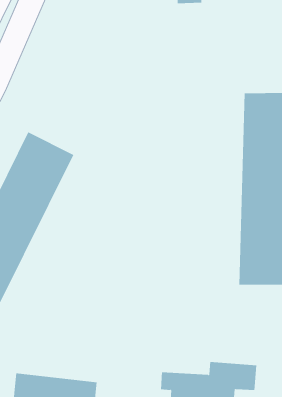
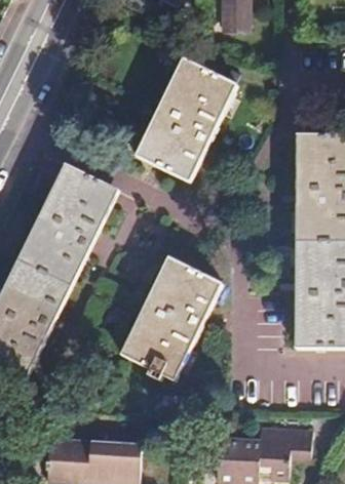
building: none -> [137,57,237,179]
building: none -> [119,258,218,378]

